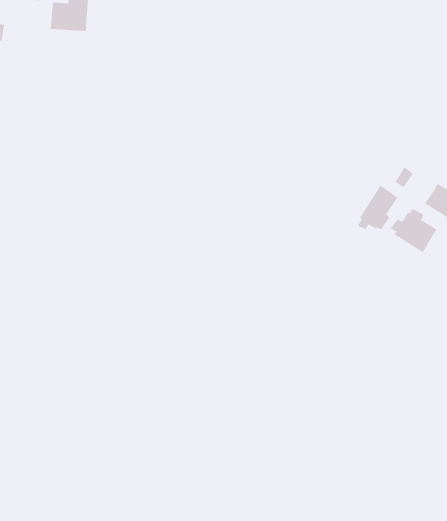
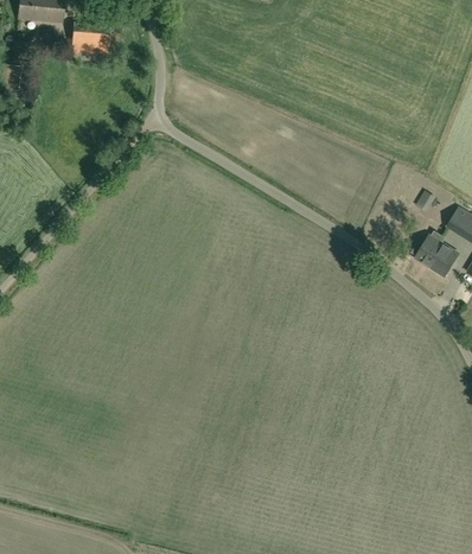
building: [357,185,398,230] -> none

